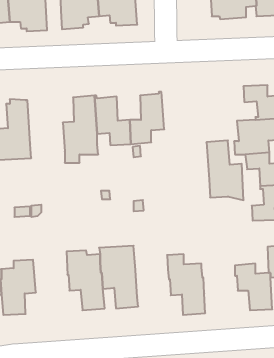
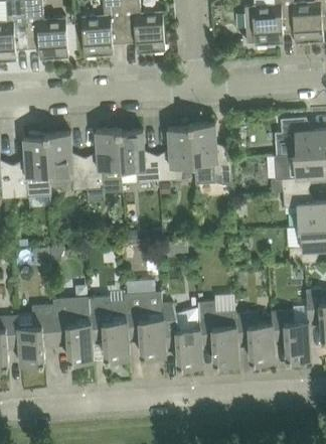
building: none -> [45,132,86,190]
building: [206,140,244,200] -> [190,123,230,187]
building: none -> [51,296,93,362]
building: none -> [161,301,201,367]
building: none -> [233,313,274,363]

